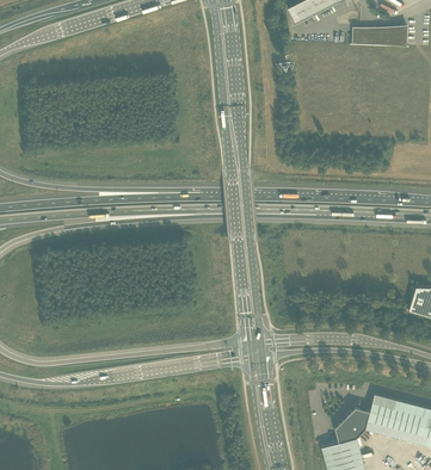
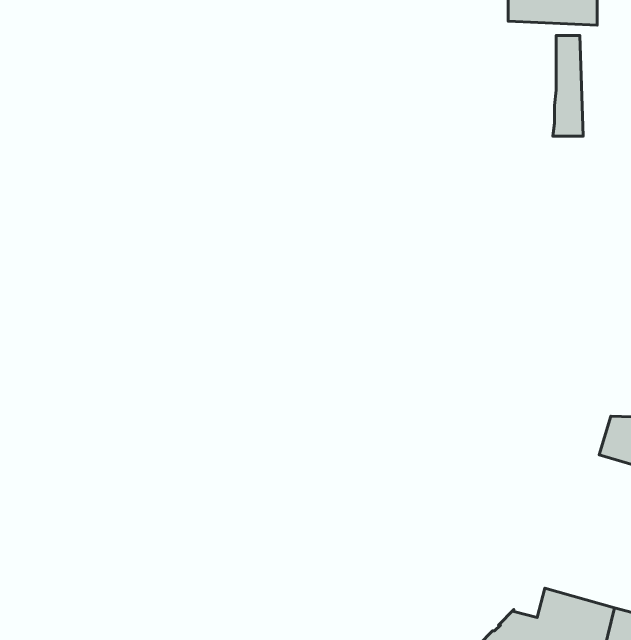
building: none -> [553,36,583,136]

